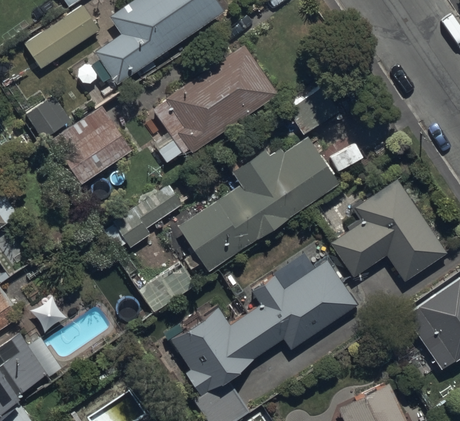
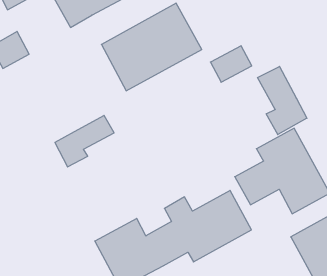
building: none -> [258,66,307,135]
building: [48,107,131,187] -> none
building: [179,142,337,272] -> none

